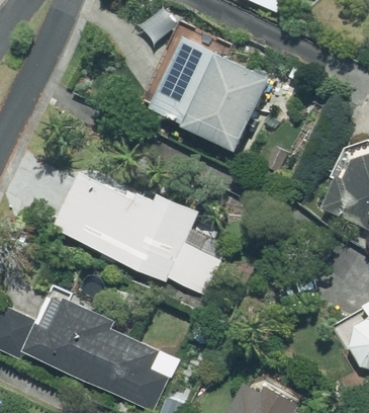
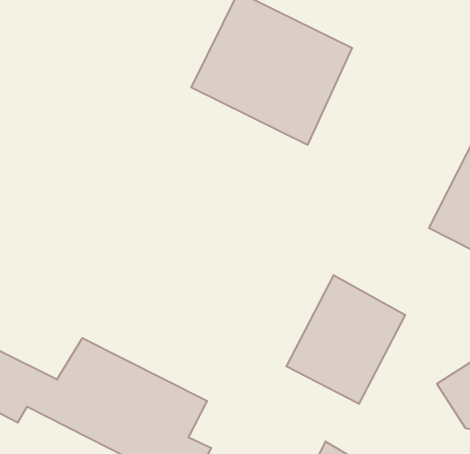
building: [55,169,217,299] -> none
building: none -> [286,275,405,404]

